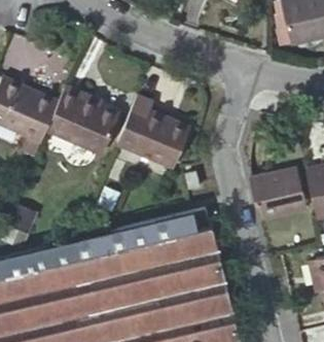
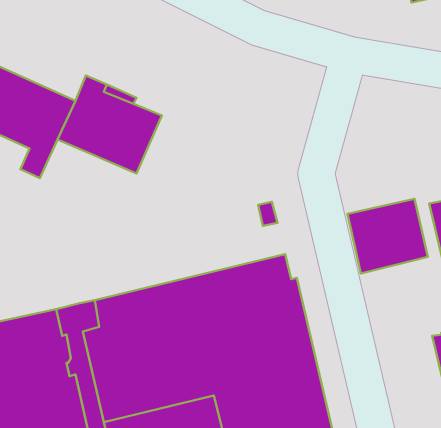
building: [118,94,192,165] -> none

